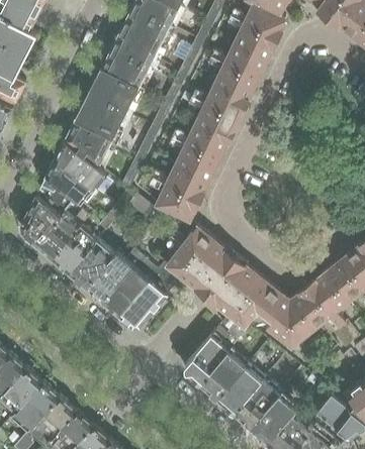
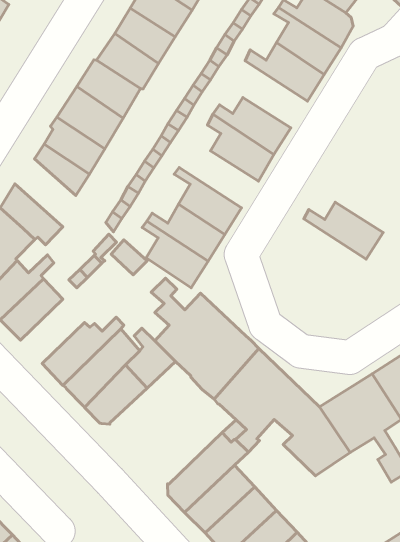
building: [206,60,257,104] -> none
building: [170,126,227,164] -> [304,202,383,259]
building: [54,143,104,191] -> none
building: [69,242,113,290] -> none

